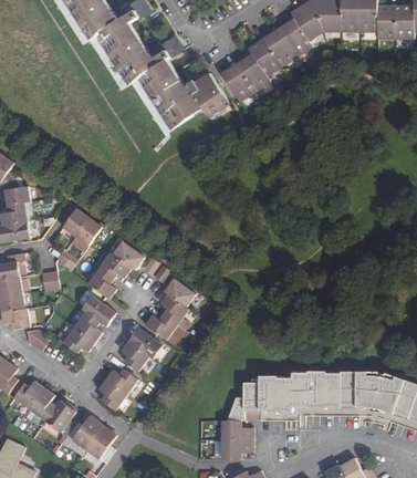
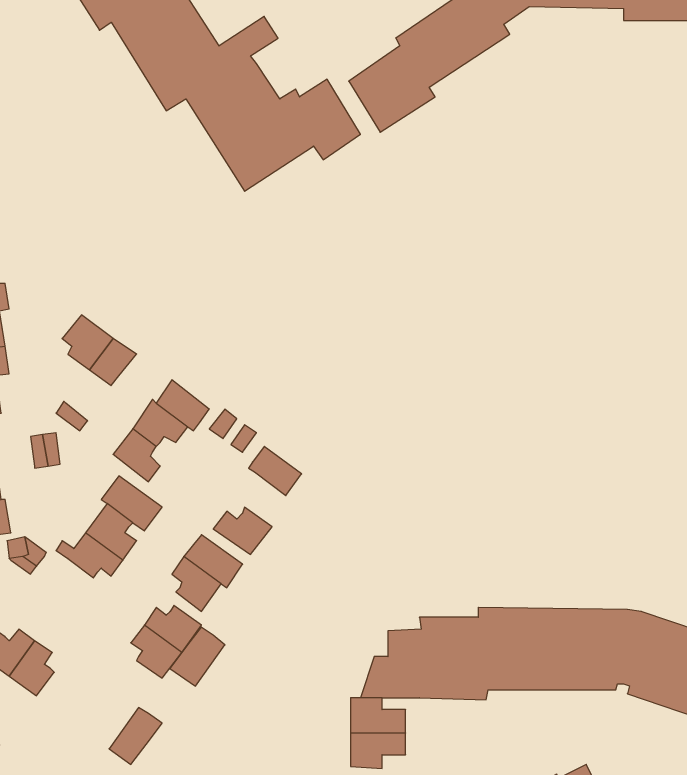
building: [160,293,189,324] -> none
building: [45,399,75,432] -> none
building: [72,416,103,449] -> [170,627,225,686]

